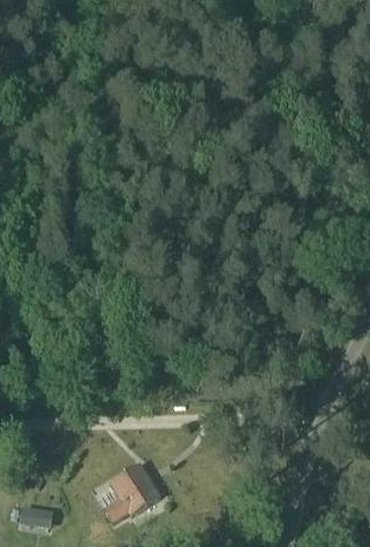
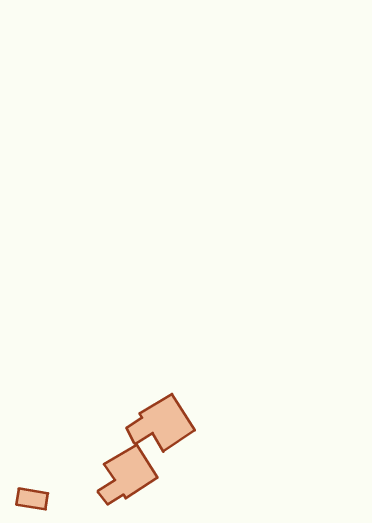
building: none -> [127,394,195,452]

